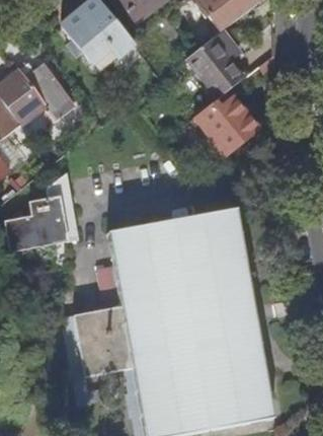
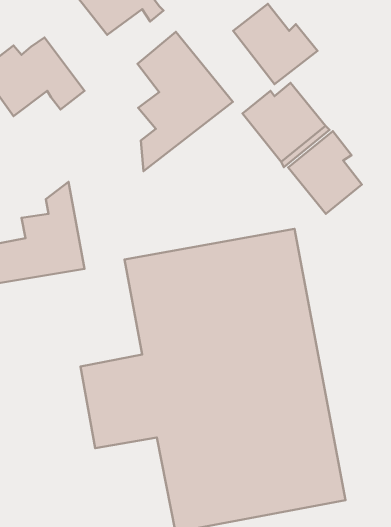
building: none -> [137,32,233,171]
building: none -> [288,131,362,214]

